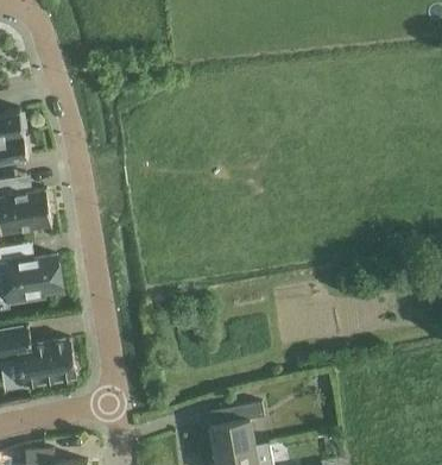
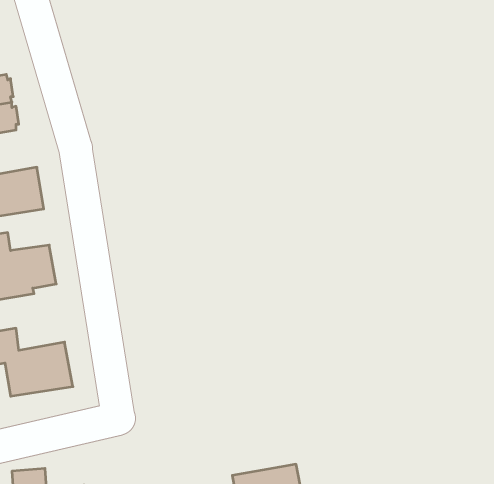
building: [209,402,263,453] -> none

